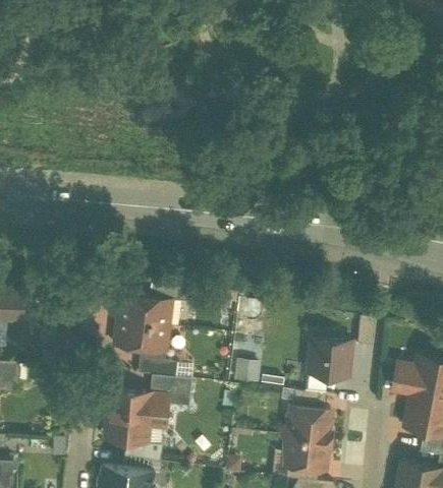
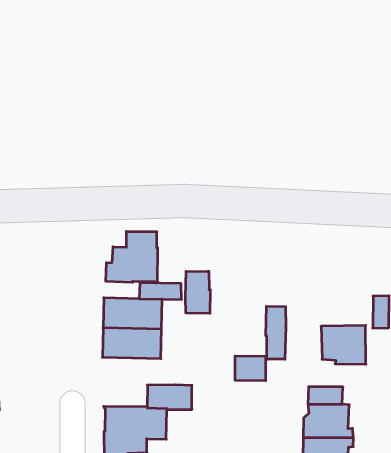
building: none -> [106,231,158,283]
building: none -> [185,271,210,313]
building: none -> [266,306,286,359]
building: [137,353,178,380] -> none

